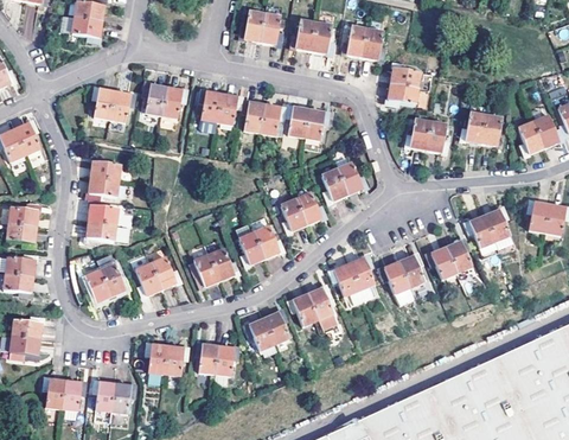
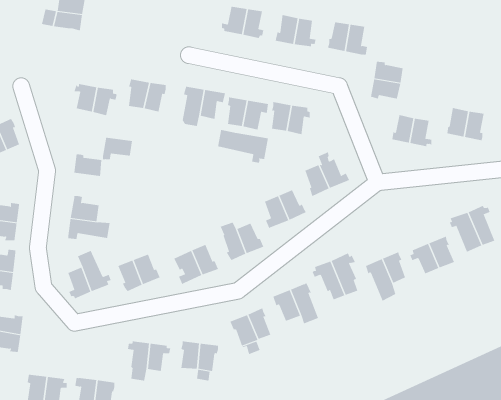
building: none -> [217,129,269,164]
building: [88,177,119,199] -> [102,137,133,160]

